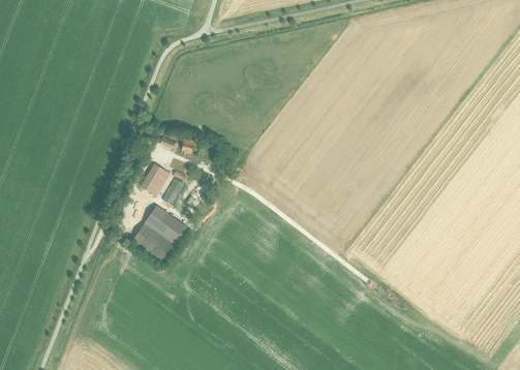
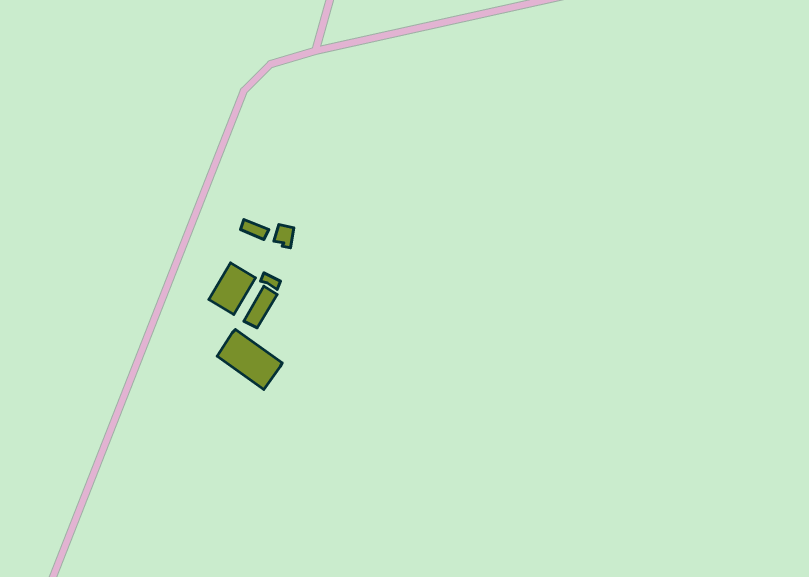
building: [132,223,174,261] -> none

